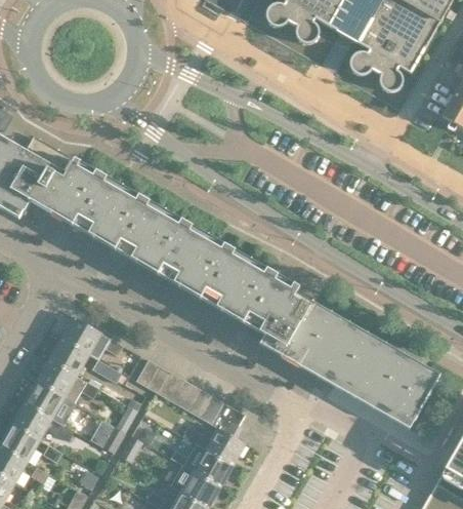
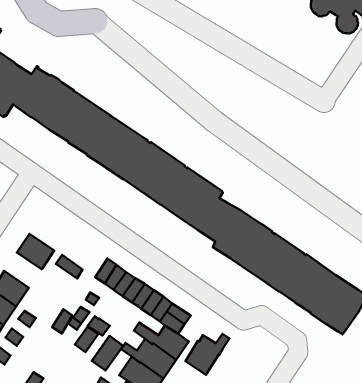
building: [60,316,124,356] -> none
building: [36,360,99,403] -> none
building: none -> [185,334,229,375]
building: none -> [92,336,123,370]

